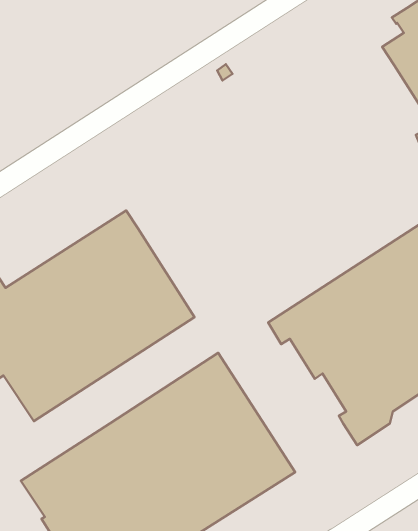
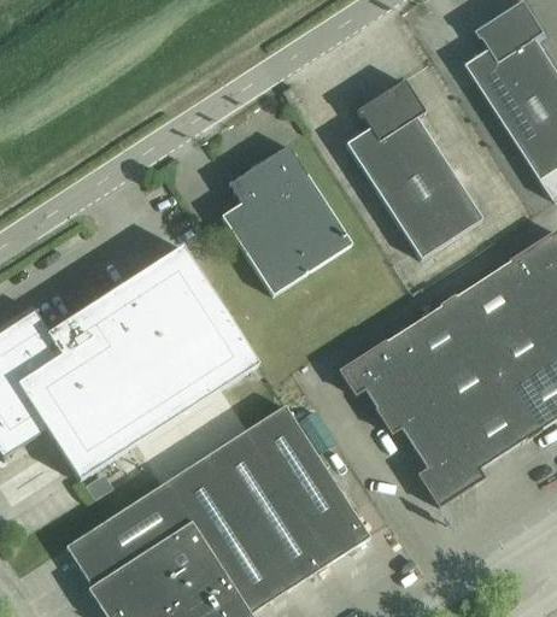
building: none -> [345,80,482,259]
building: none -> [221,145,352,294]

